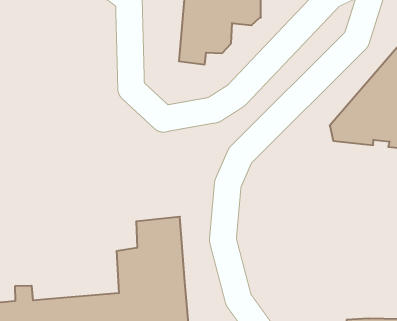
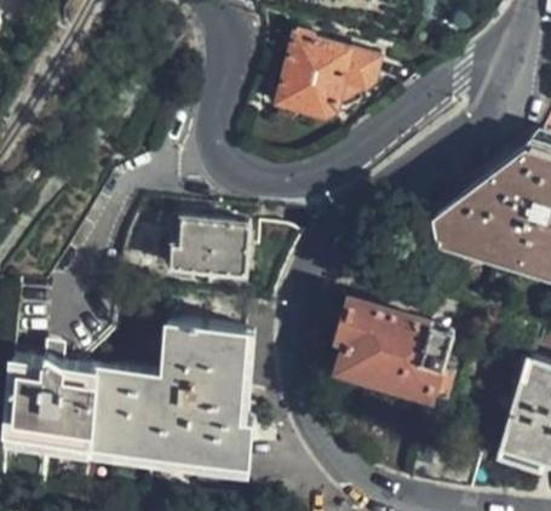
building: none -> [176,222,247,277]
building: none -> [338,309,454,403]

